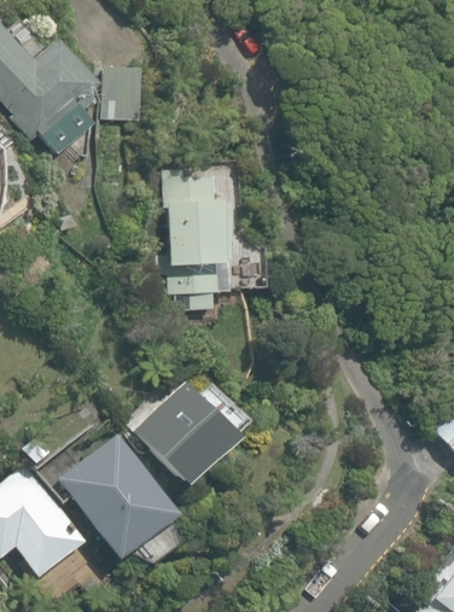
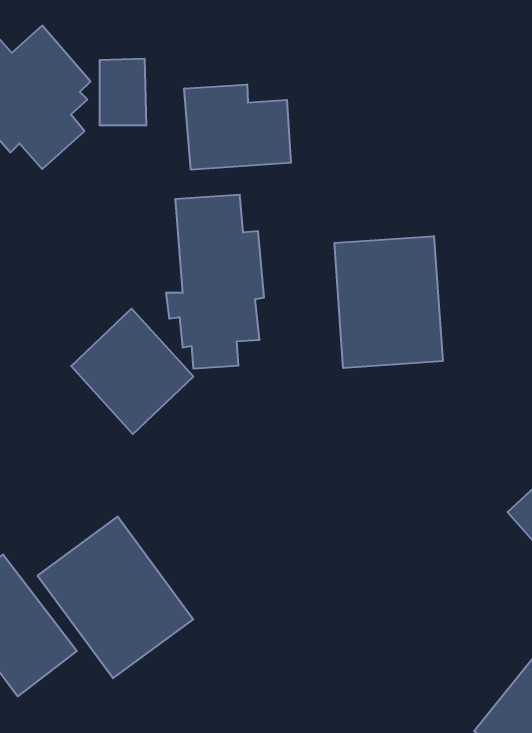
building: none -> [184,84,291,170]
building: none -> [335,236,443,368]
building: [139,383,237,483] -> [71,309,193,434]

